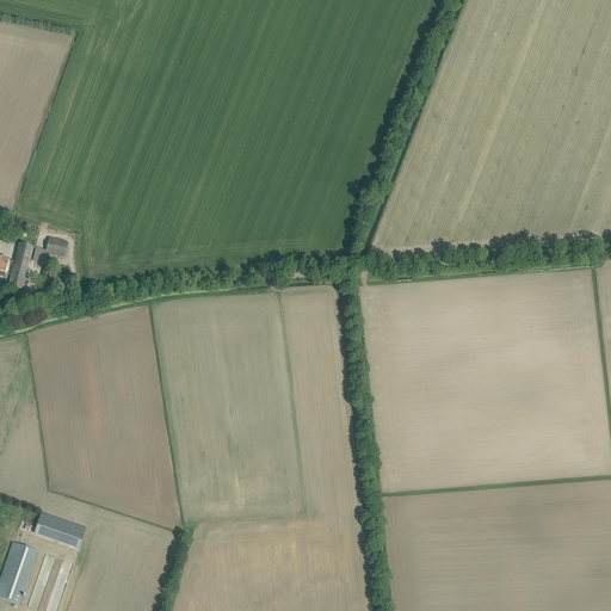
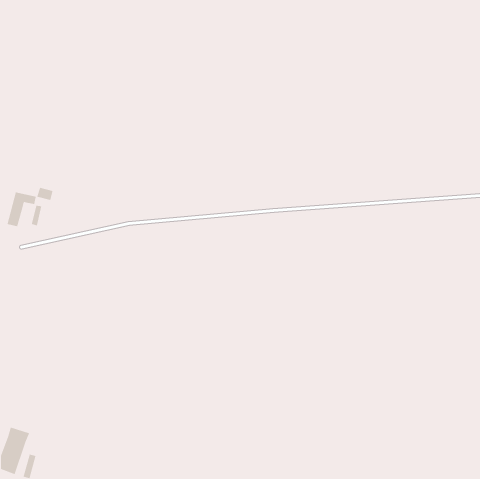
building: [35,512,86,548] -> none

